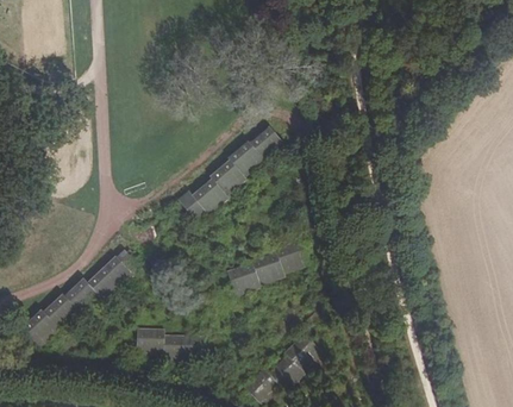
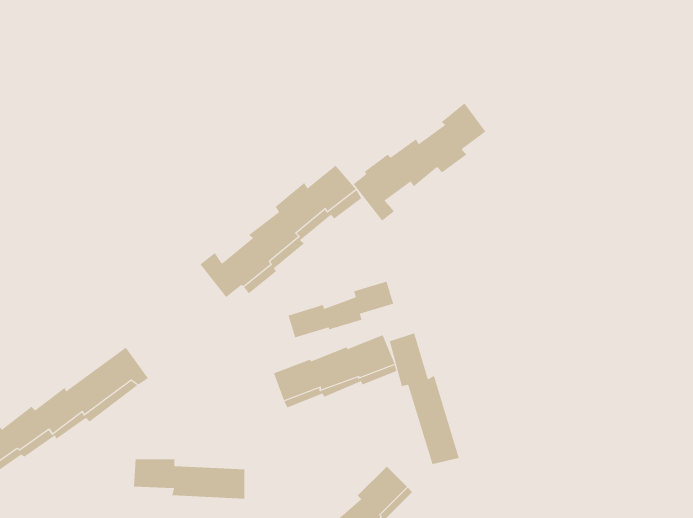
building: none -> [353,103,486,222]
building: none -> [288,281,394,338]
building: none -> [389,333,459,465]

